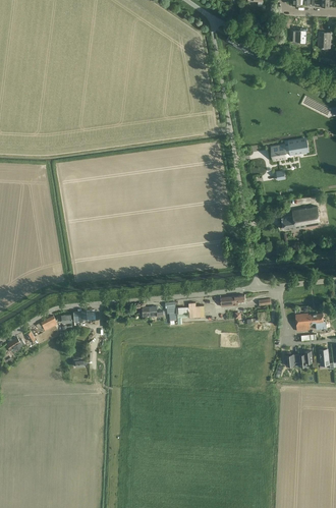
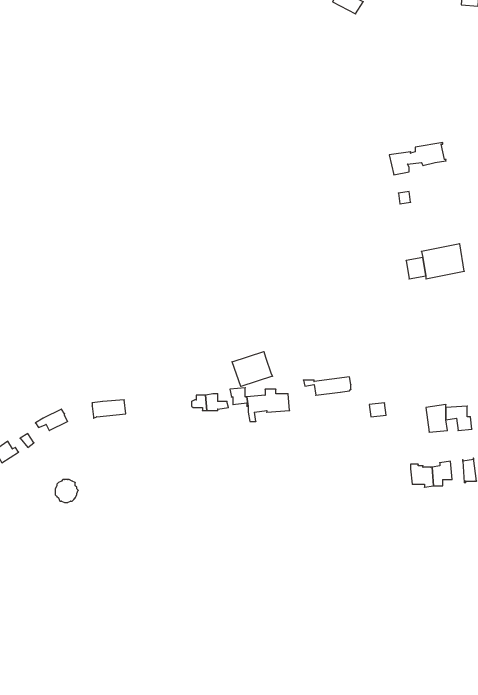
building: none -> [232,352,273,386]

